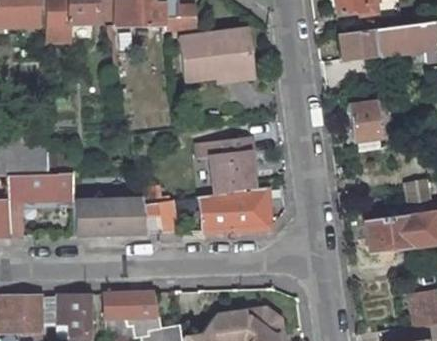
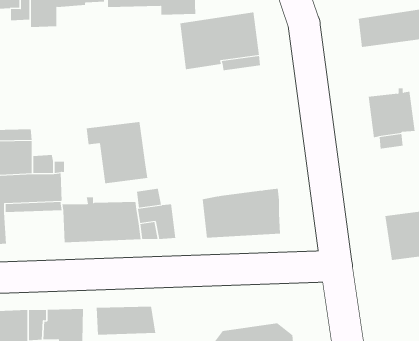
building: [198,138,254,194] -> [86,121,148,184]

